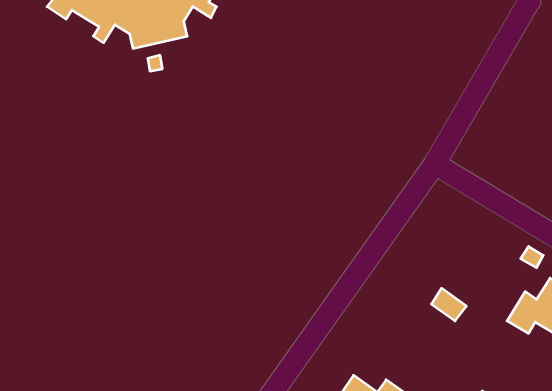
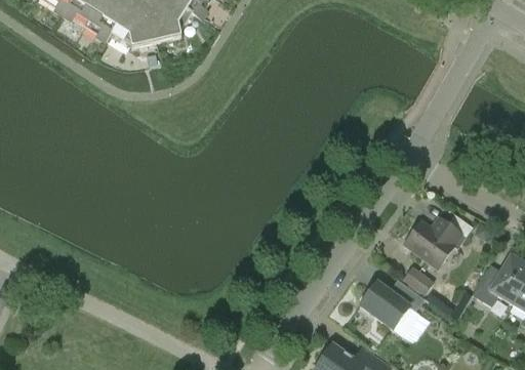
building: none -> [404,220,466,268]
building: none -> [360,282,425,336]

